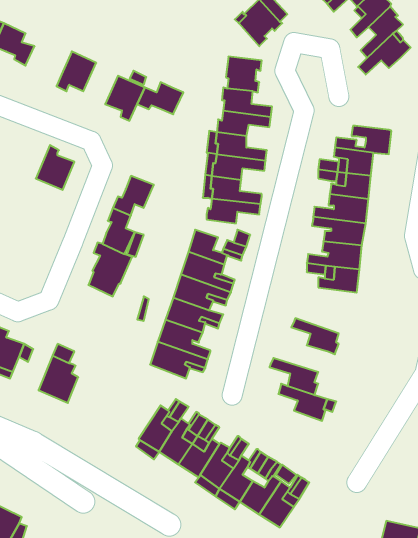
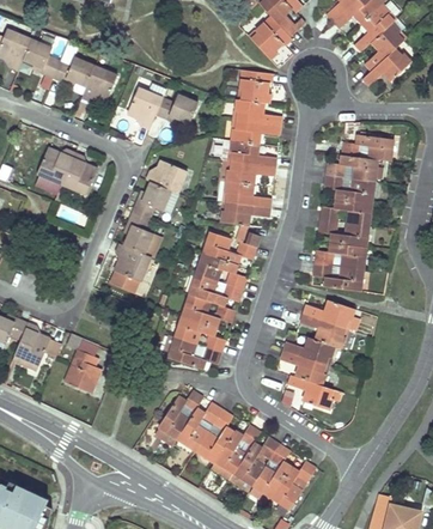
building: none -> [51,56,94,86]
building: none -> [36,147,74,183]
building: none -> [146,159,187,193]
building: none -> [303,299,353,328]
building: none -> [282,336,334,364]

